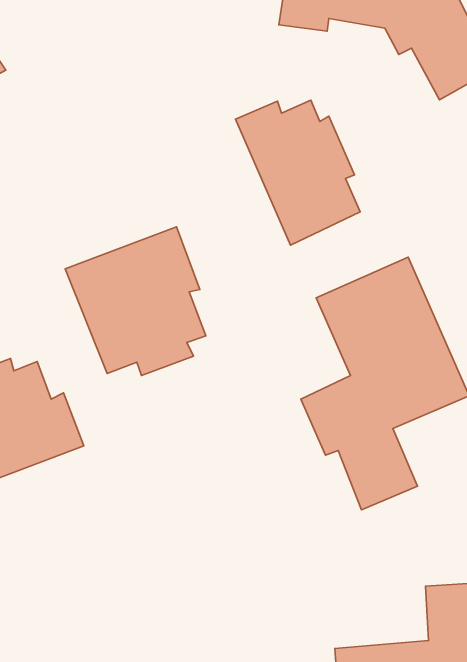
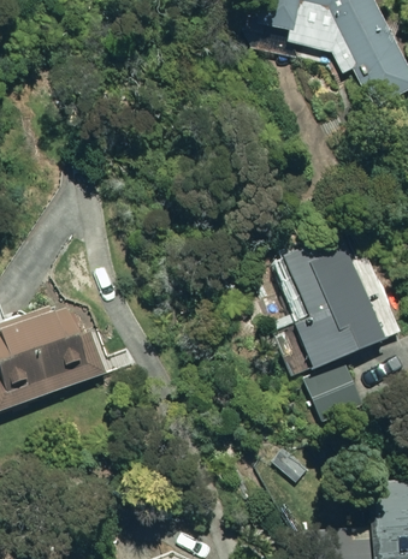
building: [235,100,360,245] -> none
building: [65,227,206,376] -> none

